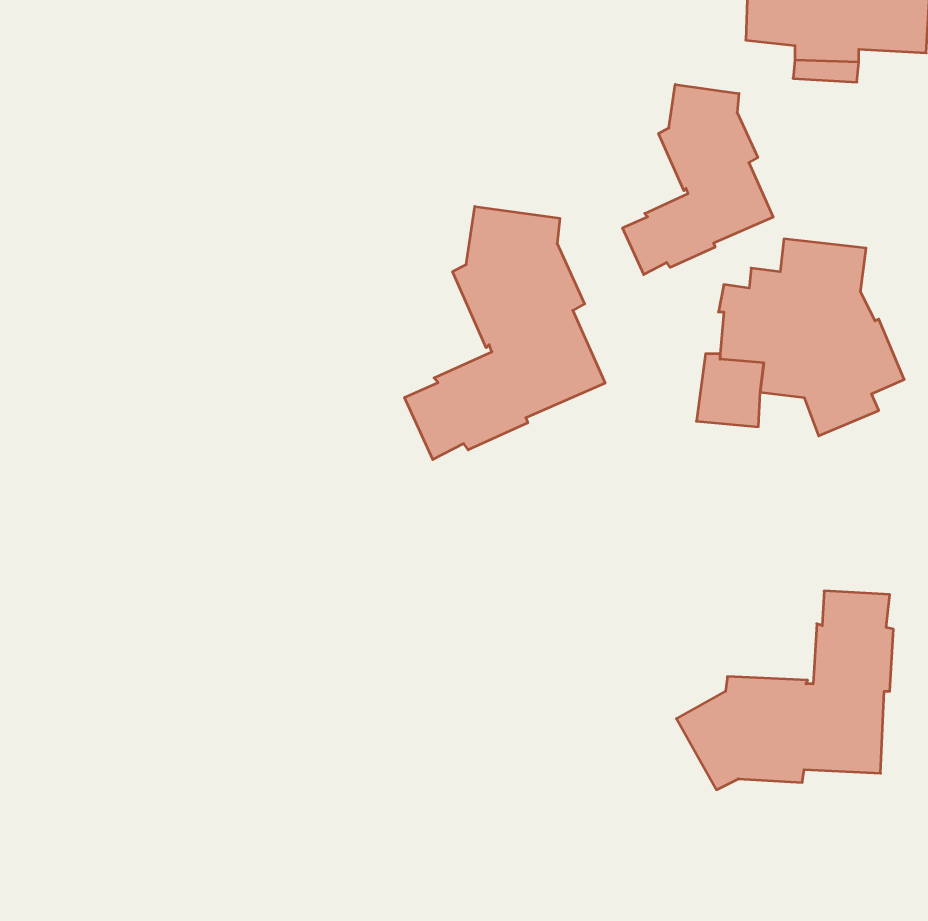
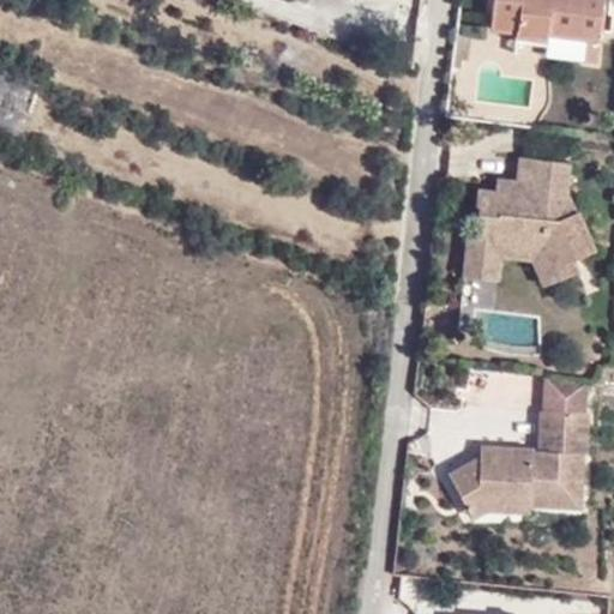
building: [623,84,773,275] -> none
building: [405,206,605,460] -> none

